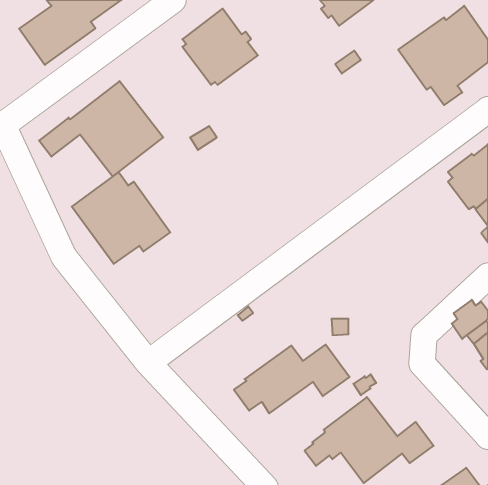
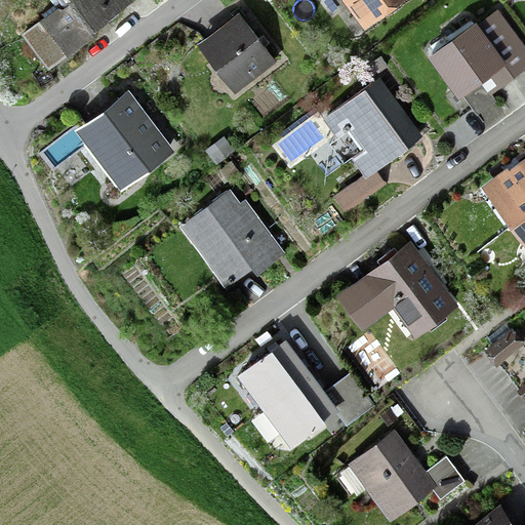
building: none -> [323,78,423,214]
building: [72,172,170,264] -> [179,190,285,288]
building: none -> [335,240,459,340]
building: none -> [228,339,313,420]

